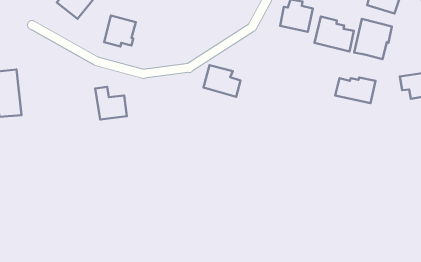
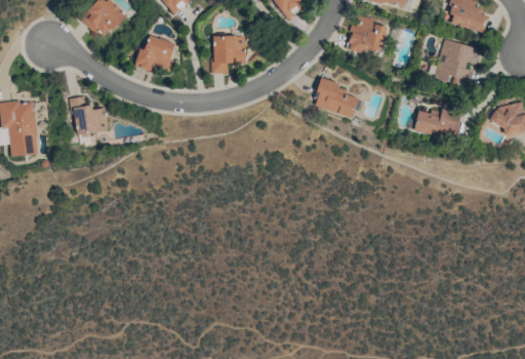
building: none -> [211,35,245,74]
building: [315,16,354,51] -> none
building: [204,65,240,97] -> [314,79,358,117]
building: [95,87,127,120] -> [71,95,109,134]

